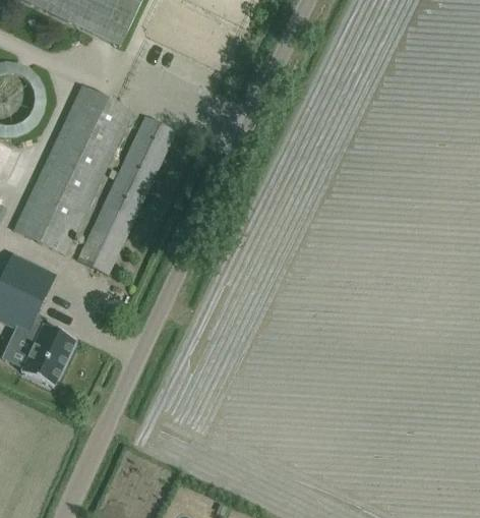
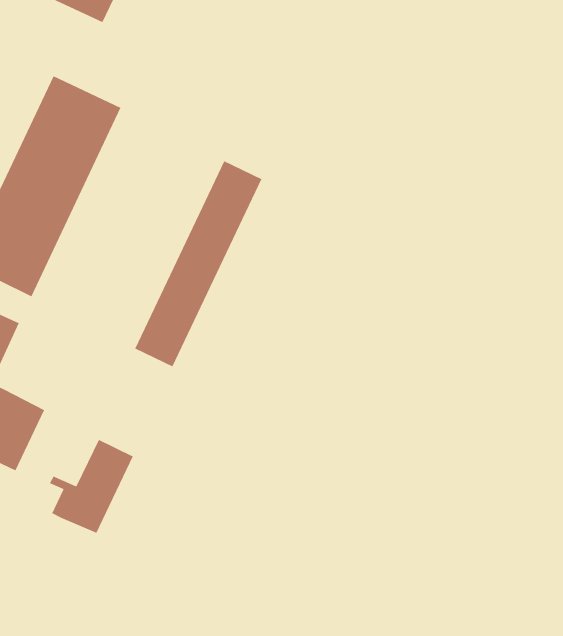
building: [77,116,175,274] -> [134,160,262,368]
building: none -> [49,439,134,534]

